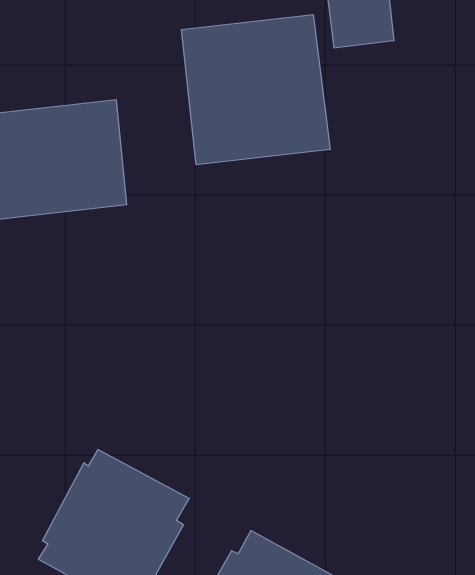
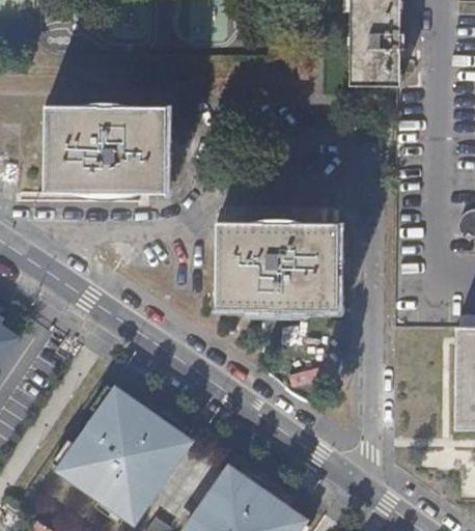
building: [182,15,330,165] -> none
building: none -> [216,222,339,310]

